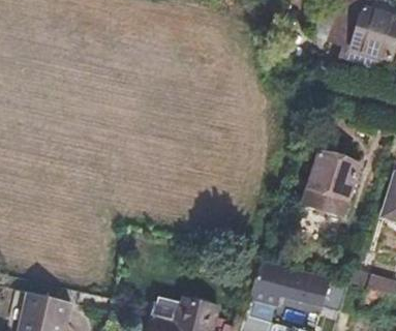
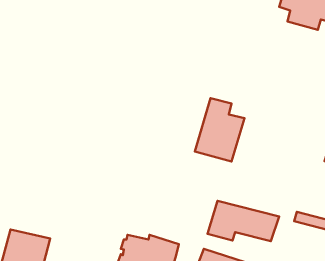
building: [303,147,359,218] -> [195,98,244,161]

